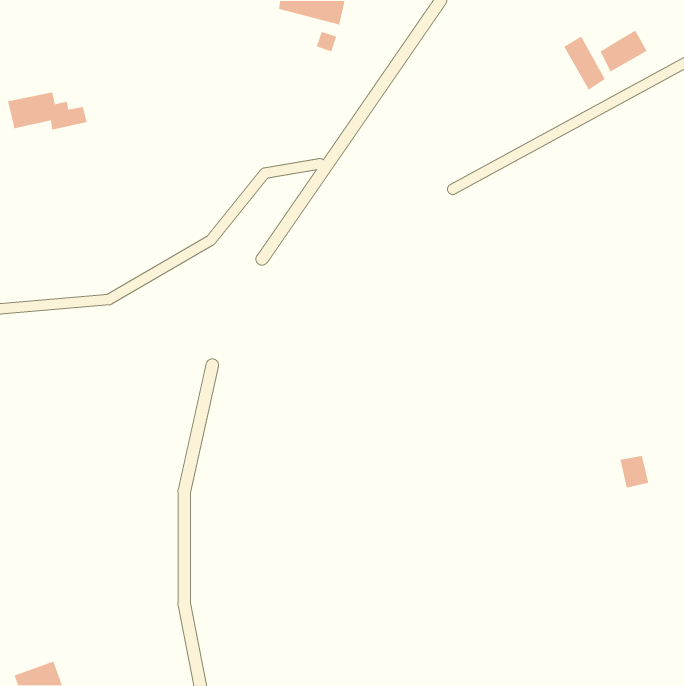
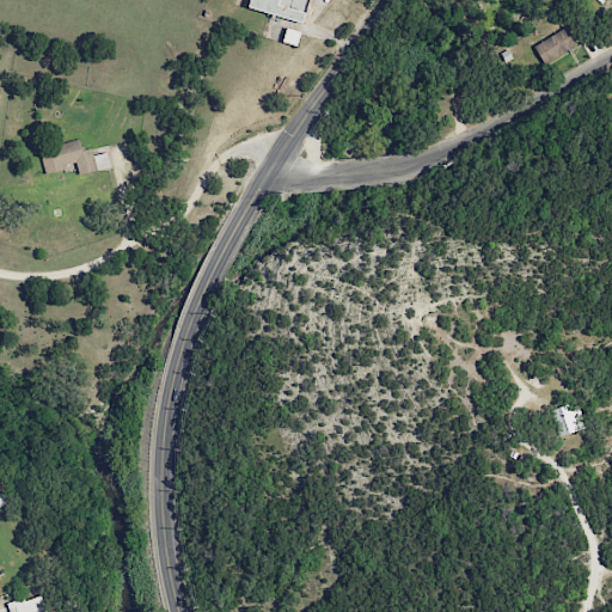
building: [563,36,606,91] -> none
building: [7,91,88,130] -> [41,140,112,175]

